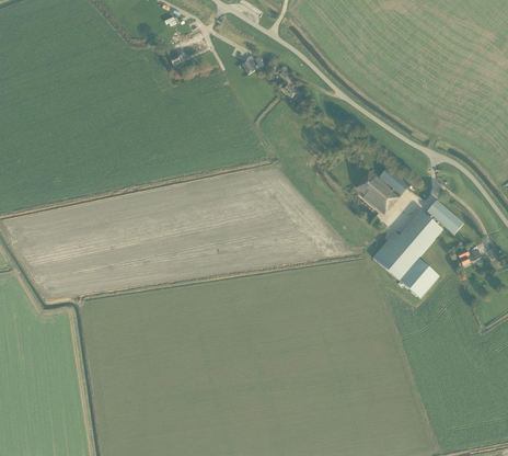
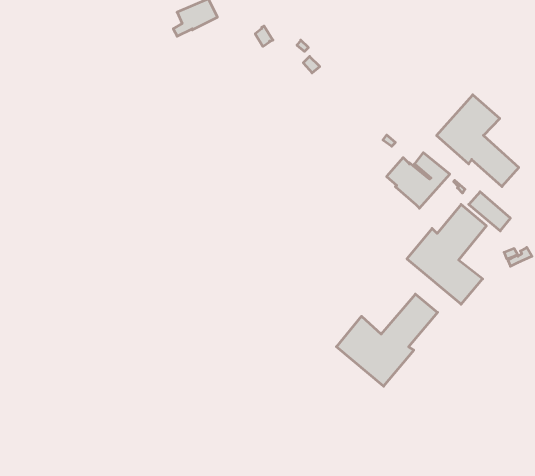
building: none -> [437,95,519,187]
building: none -> [336,294,438,386]

